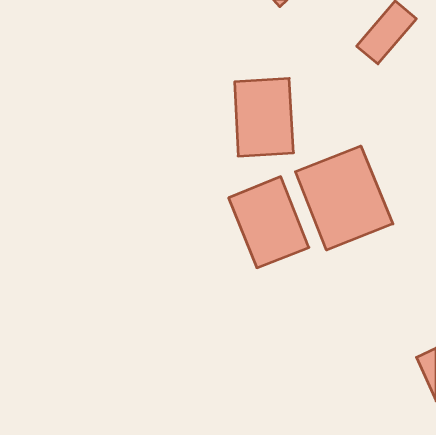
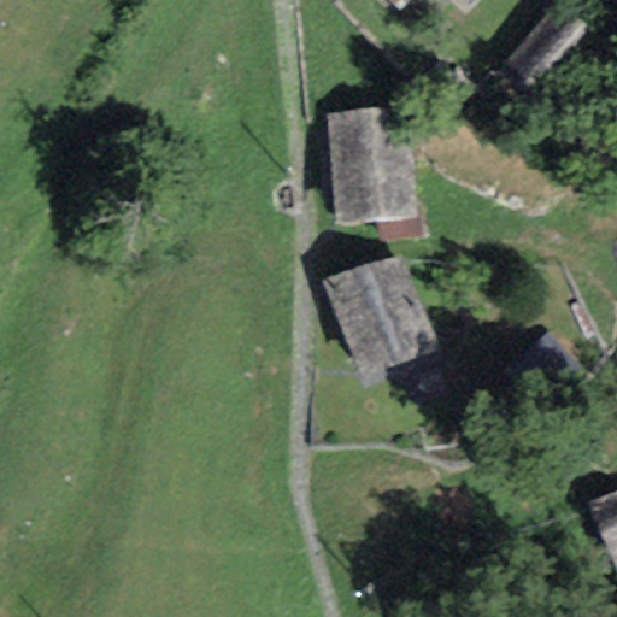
building: [295,146,393,250] -> none

